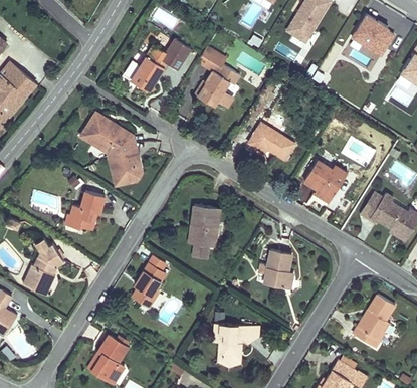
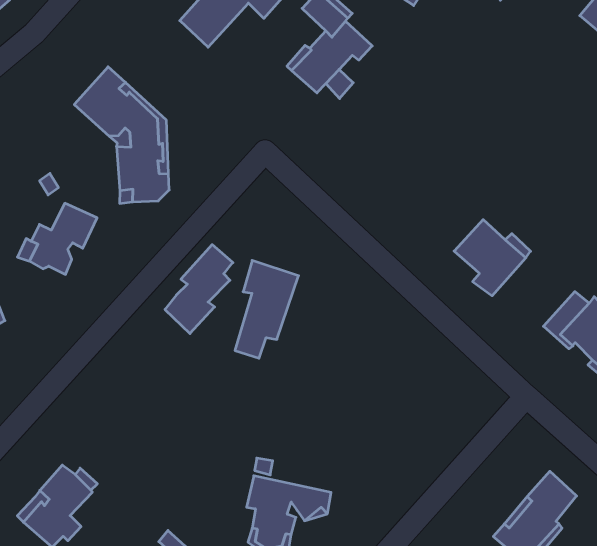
building: [248,123,295,161] -> none
building: [259,250,293,288] -> none
building: [133,256,166,308] -> [165,245,233,334]

